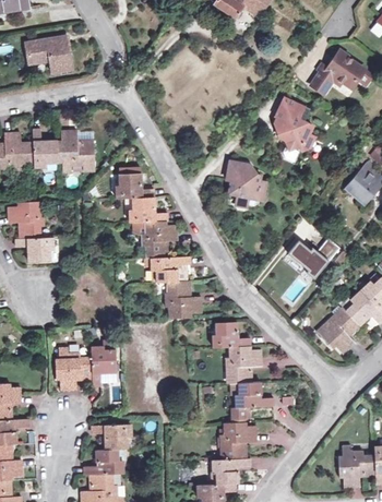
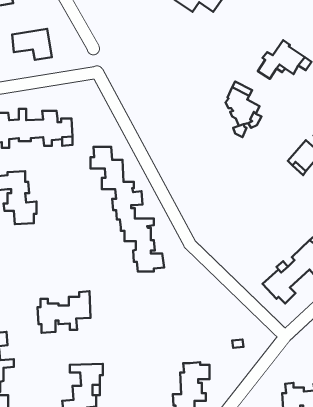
building: [226,160,266,205] -> none
building: [287,239,339,278] -> none
building: [211,320,273,419] -> none

